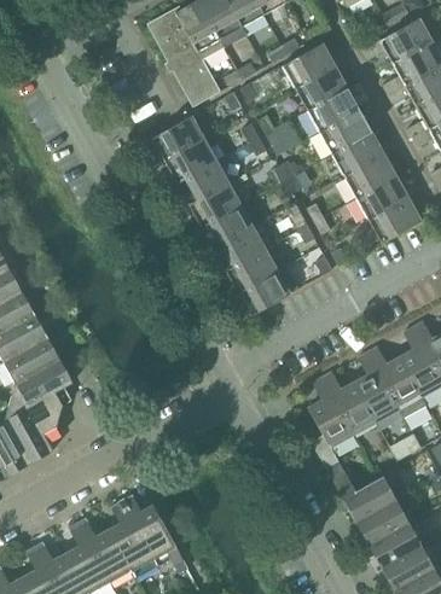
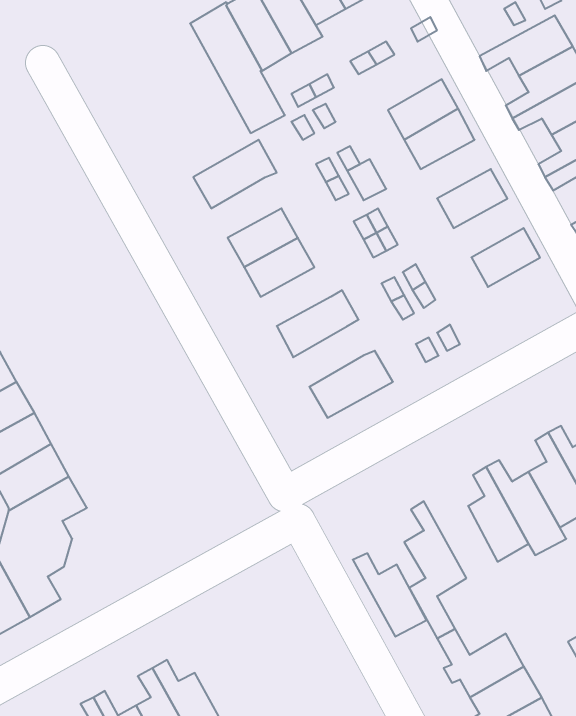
building: [283,42,336,88] -> none
building: [320,110,372,153] -> none
building: [166,138,217,182] -> none
building: [344,153,396,197] -> none
building: [370,197,422,241] -> none
building: [202,204,254,248] -> none
building: [226,248,278,292] -> none
building: [323,372,377,433] -> [353,553,426,637]

